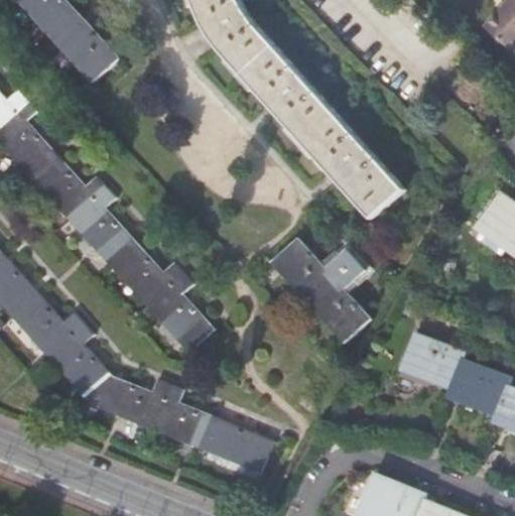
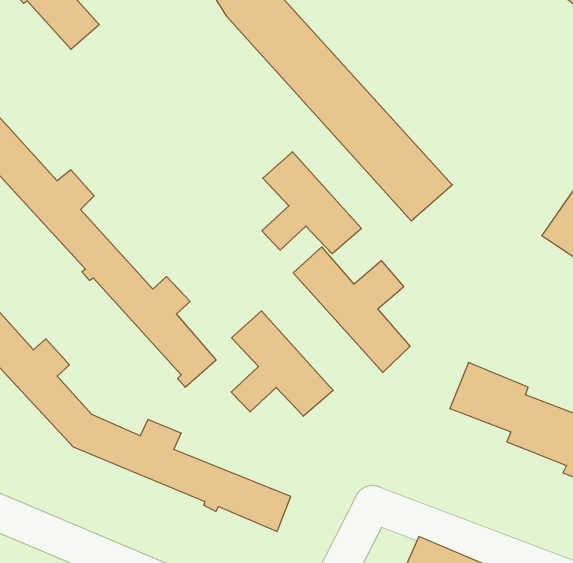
building: none -> [262,152,361,254]
building: none -> [231,311,333,416]

